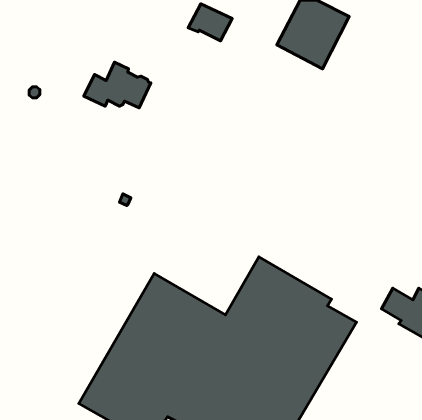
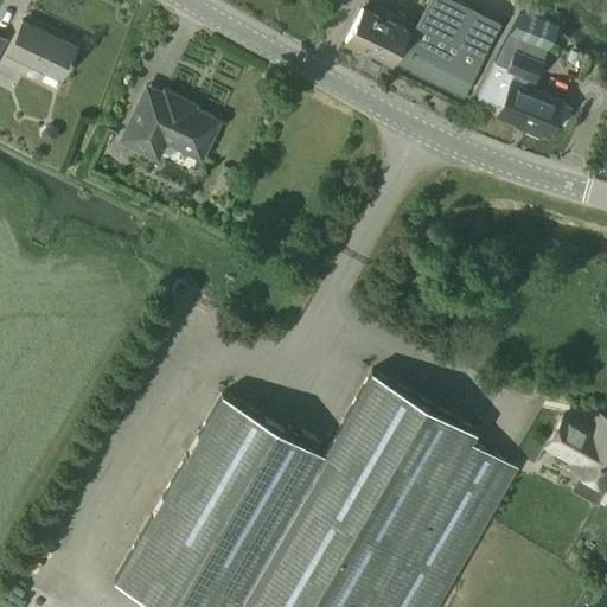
building: [188,4,232,41] -> [346,11,409,64]
building: none -> [479,11,571,139]
building: none -> [8,24,77,82]

